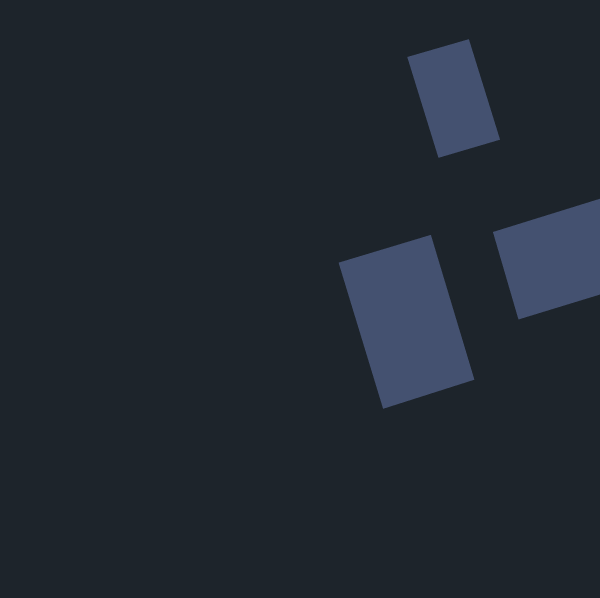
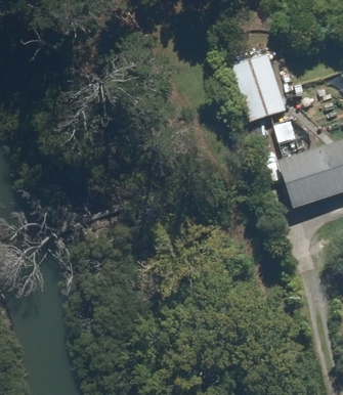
building: [337,234,476,410] -> none

